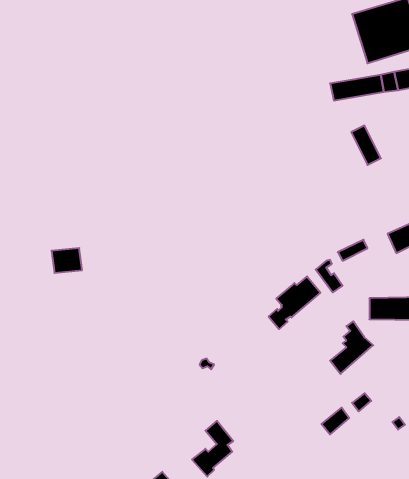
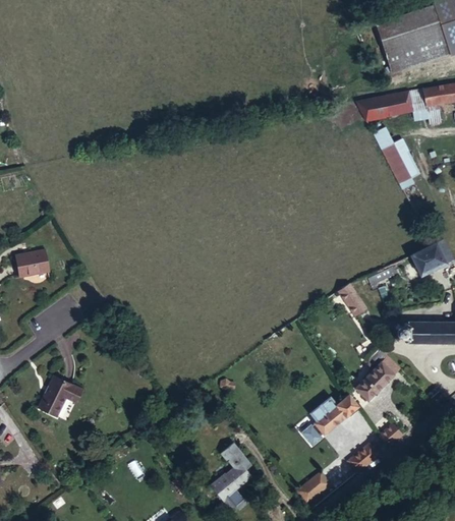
building: [51,248,82,273] -> [18,256,51,283]
building: [269,276,320,329] -> [303,393,358,449]
building: none -> [35,371,82,415]
building: none -> [296,467,330,499]

